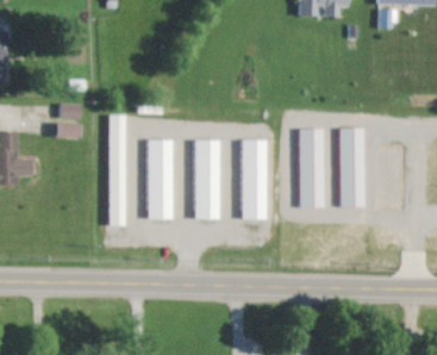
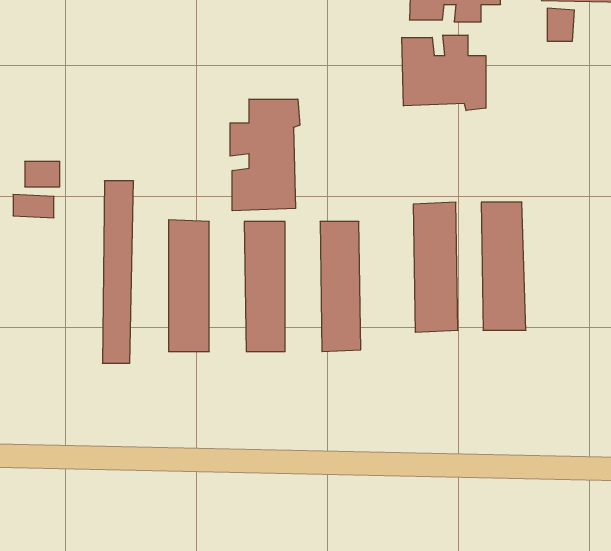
building: none -> [402,35,486,111]
building: none -> [230,99,300,211]

